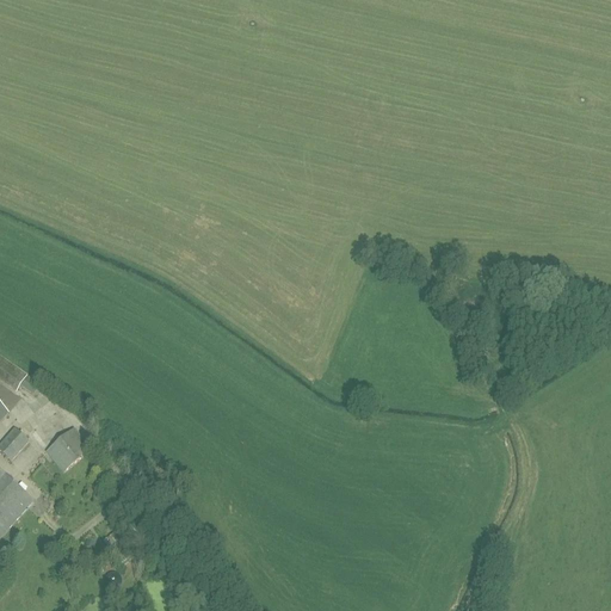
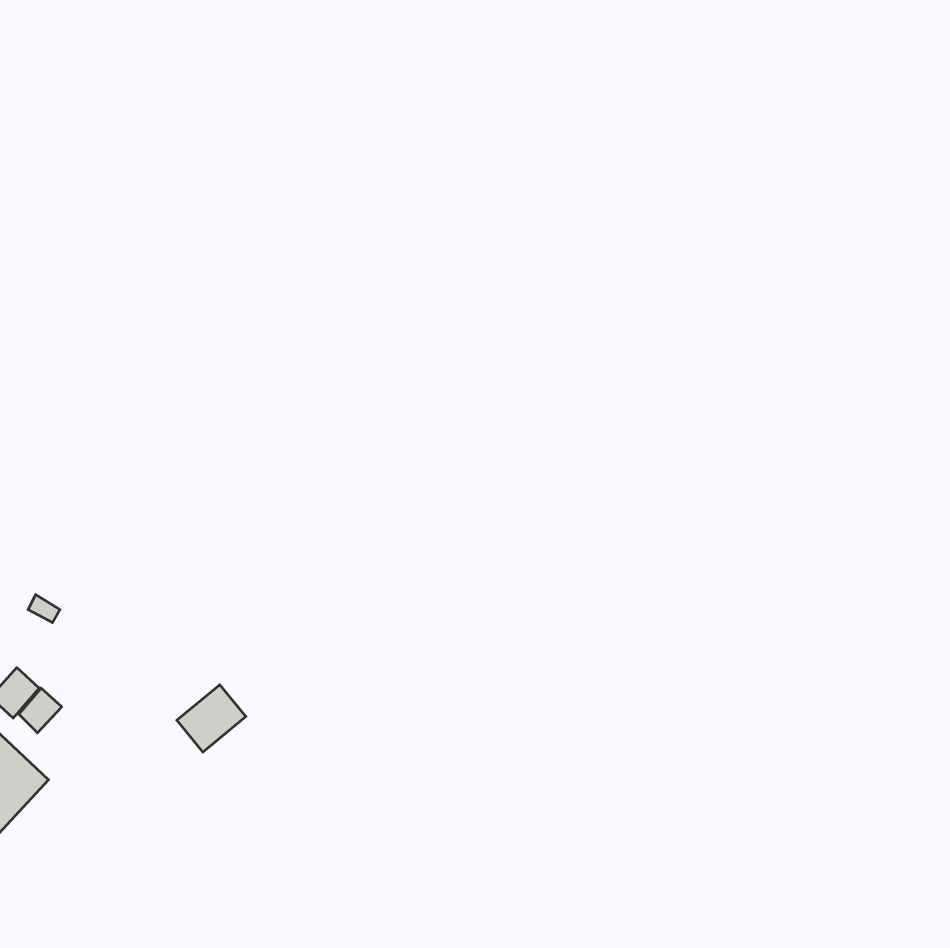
building: [43,426,87,469] -> [177,685,246,752]

